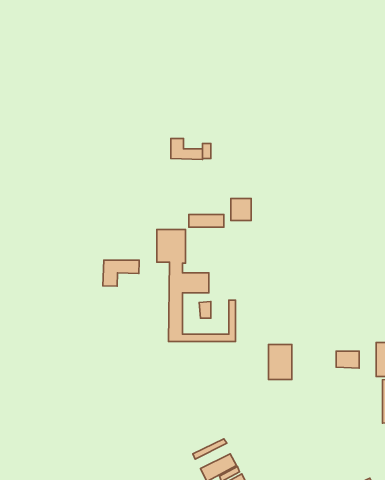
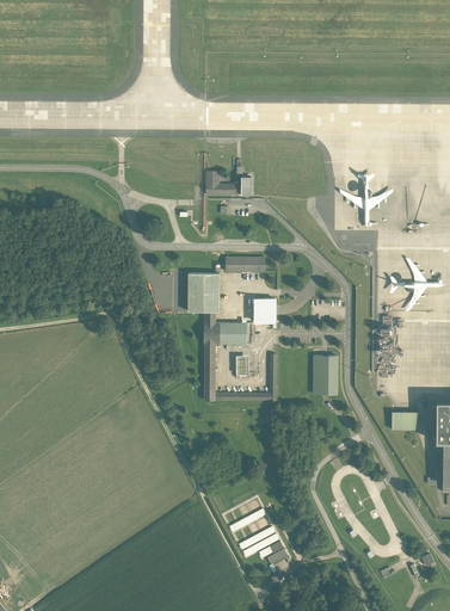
building: [231,198,251,221] -> [252,298,275,323]
building: [103,260,139,286] -> none
building: [269,344,292,379] -> [313,356,339,395]

